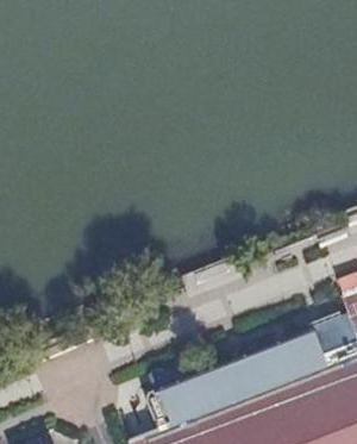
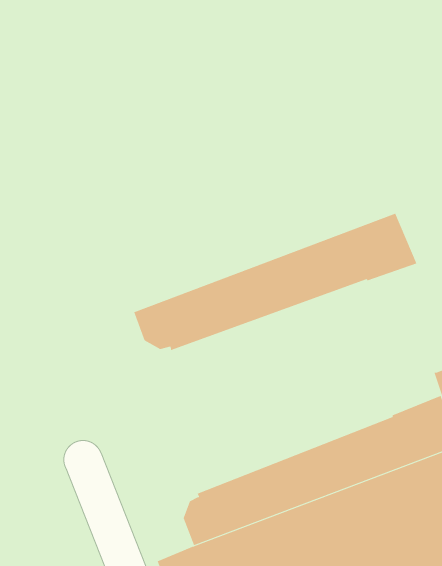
building: none -> [134,213,417,351]

